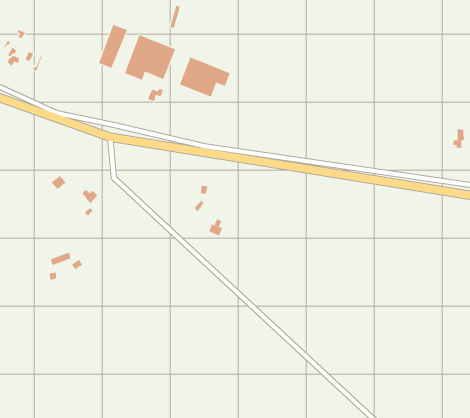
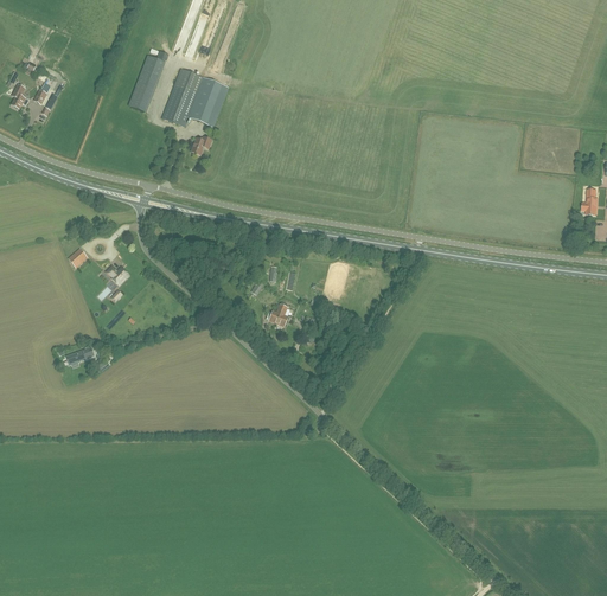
building: [179,56,231,97] -> none

